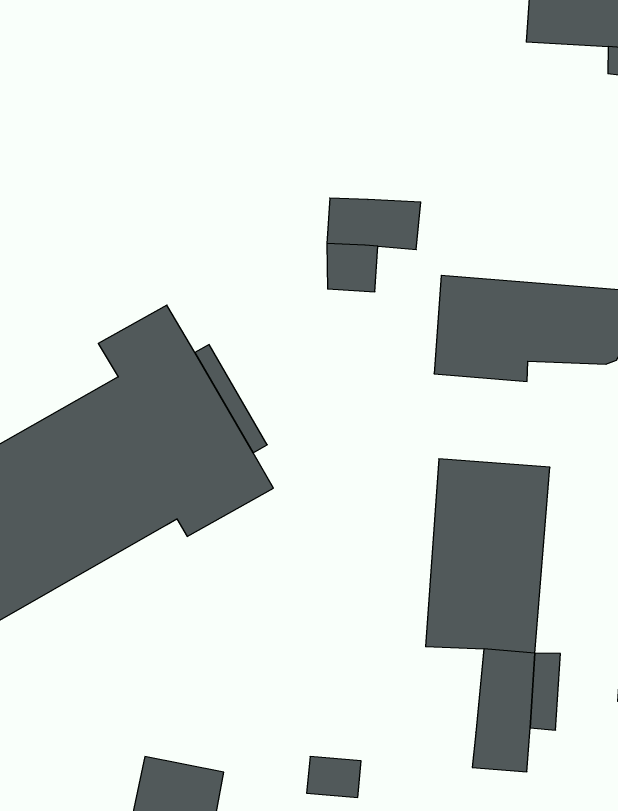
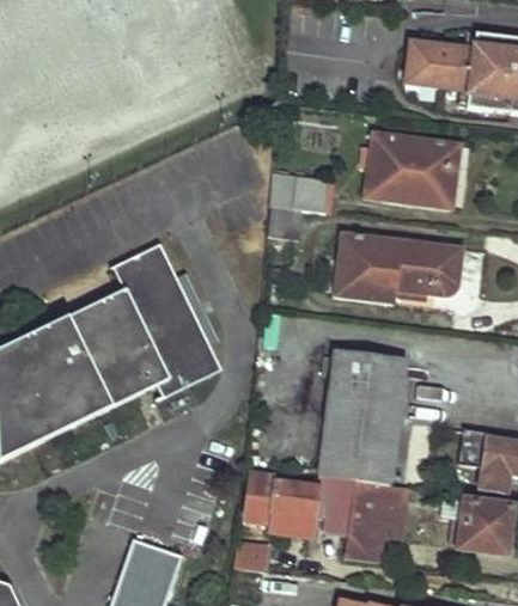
building: none -> [366,131,455,207]
building: none -> [244,473,355,533]

